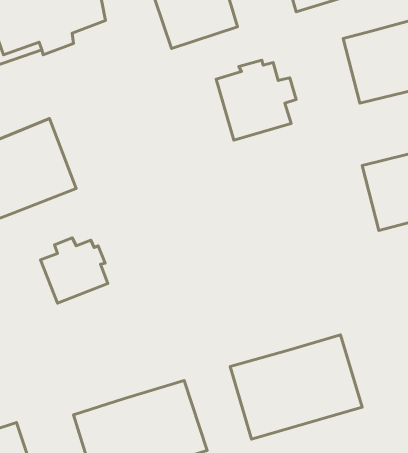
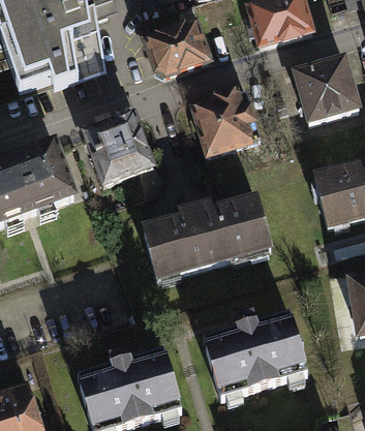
building: none -> [86,116,154,185]
building: none -> [140,190,275,280]
building: [40,238,108,303] -> none

